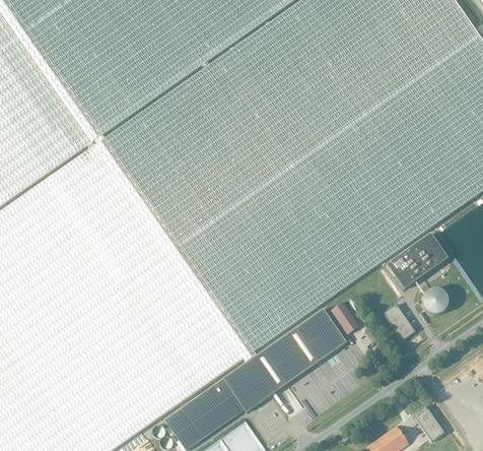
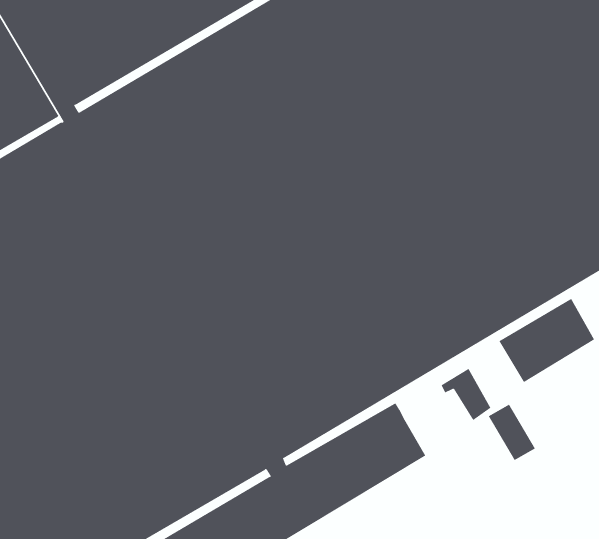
building: [422,288,447,315] -> none
building: [326,301,359,334] -> [441,368,491,421]

